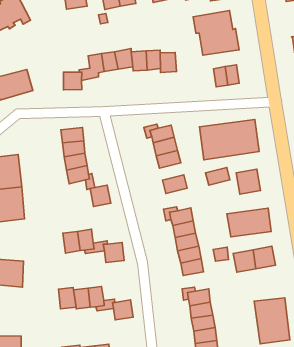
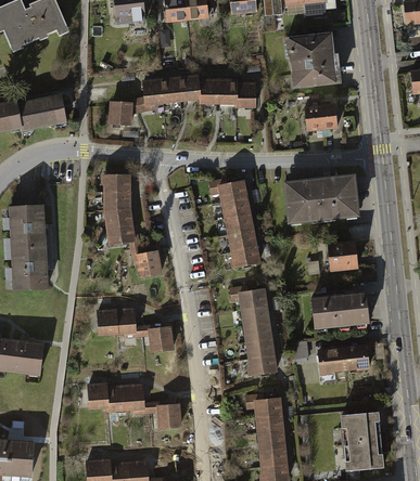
building: [205,167,230,185] -> [227,227,258,249]

